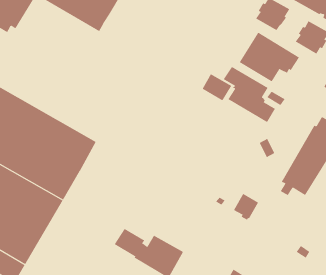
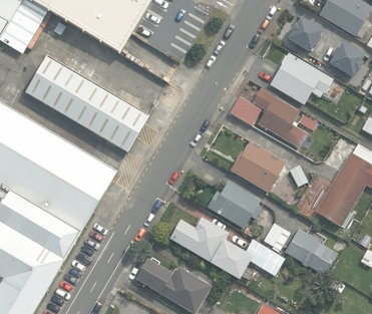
building: none -> [25,55,149,151]
building: none -> [230,140,286,192]
building: none -> [207,181,262,228]
building: none -> [168,217,285,280]
building: none -> [285,228,337,274]

